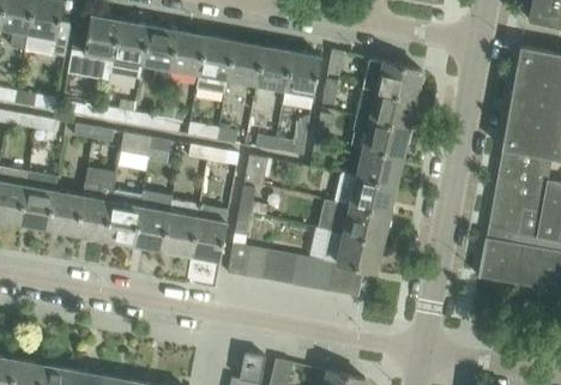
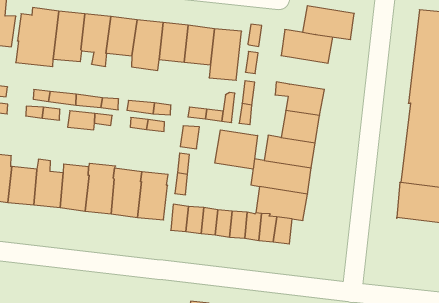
building: [356,88,415,128] -> [303,6,354,40]
building: none -> [215,130,258,169]

